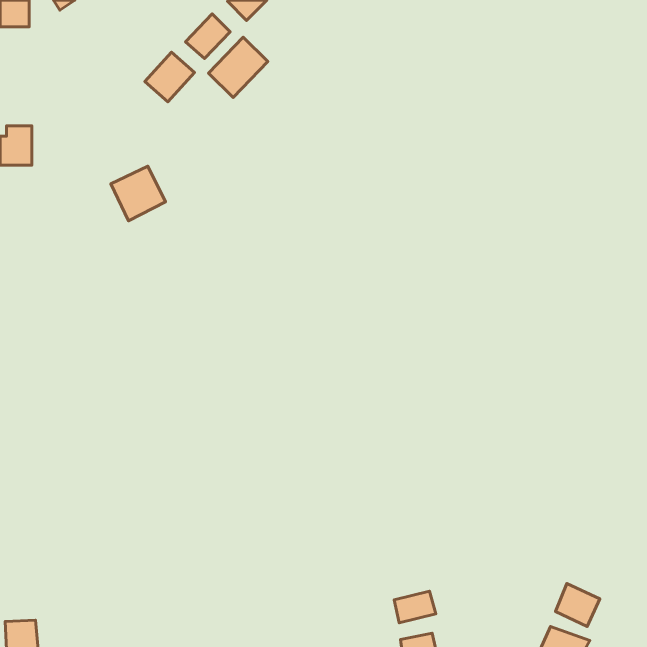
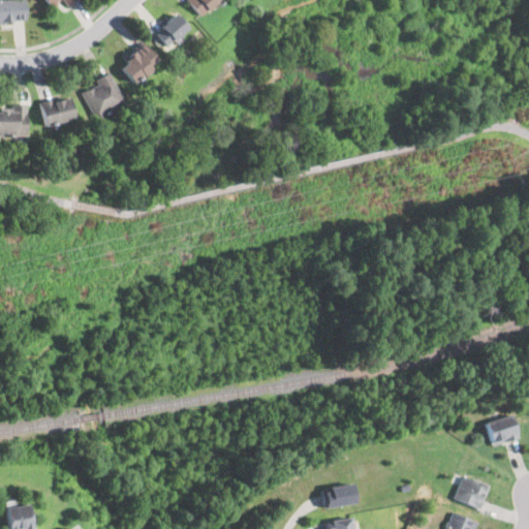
building: [209,37,268,98] -> none
building: none -> [40,95,75,127]
building: [111,166,165,221] -> [82,76,126,121]
building: none -> [485,414,519,446]

